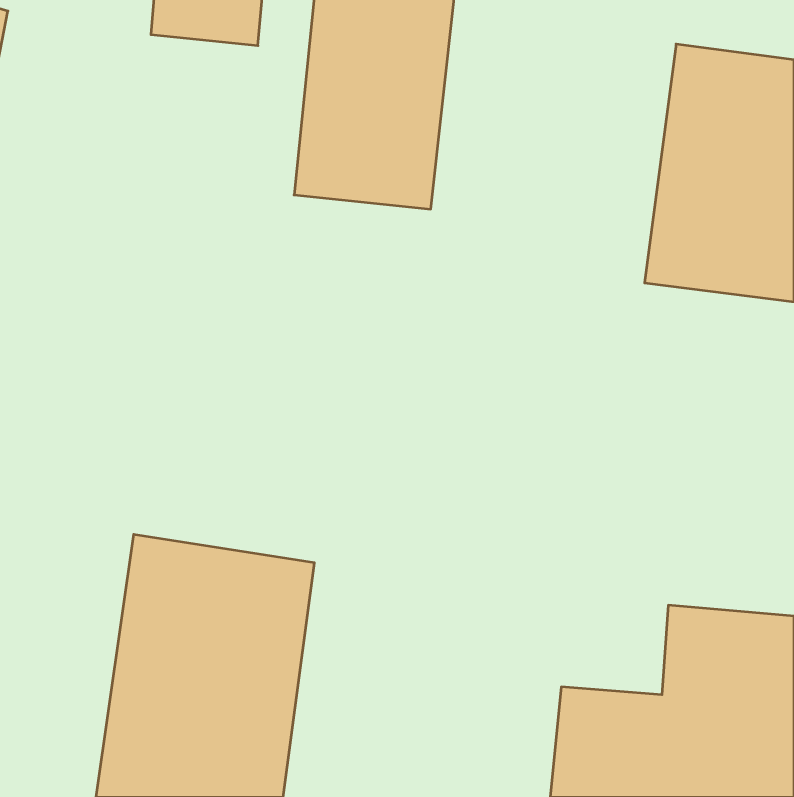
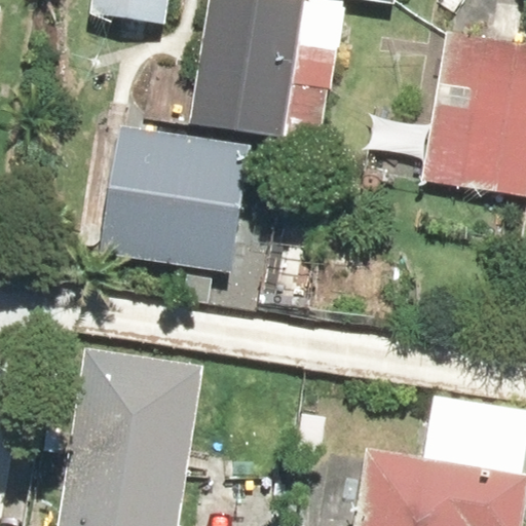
building: none -> [104,124,259,273]

